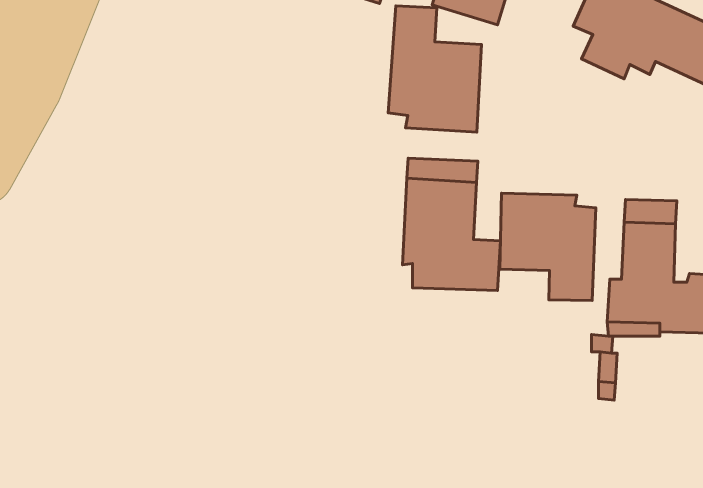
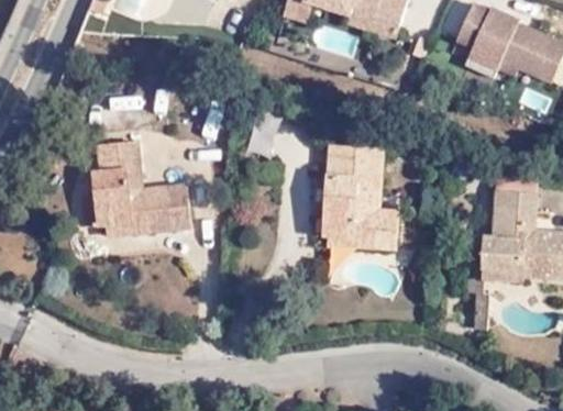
building: [388,6,482,132] -> none
building: none -> [95,143,189,234]
building: [500,193,596,301] -> none

